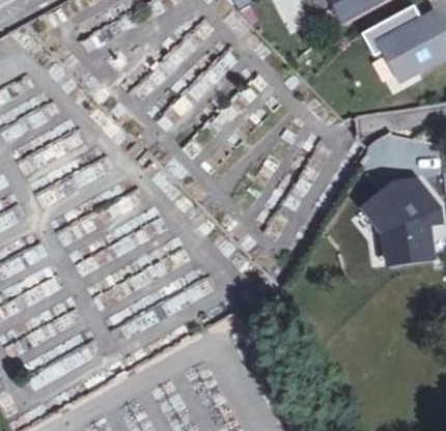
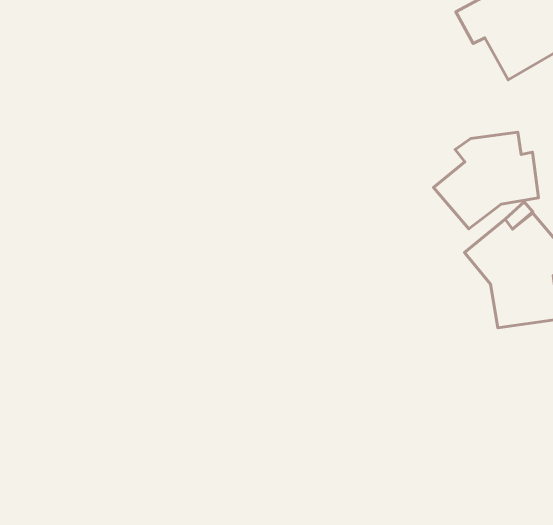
building: none -> [434,132,539,229]

